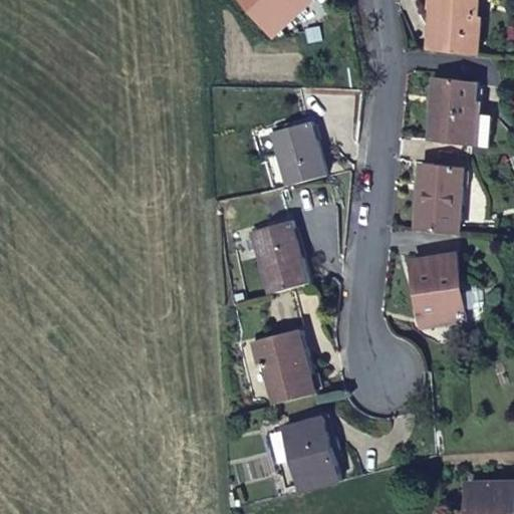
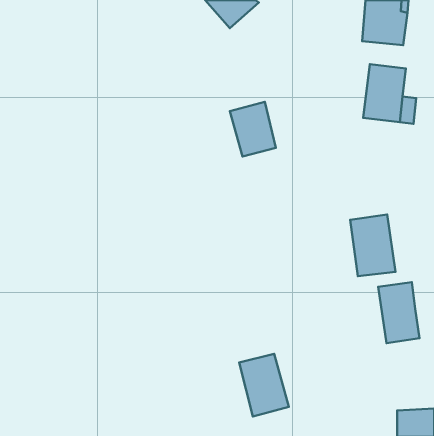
building: [414,162,463,234] -> none
building: [250,219,307,293] -> none
building: [249,330,315,404] -> none
building: none -> [378,282,419,343]

